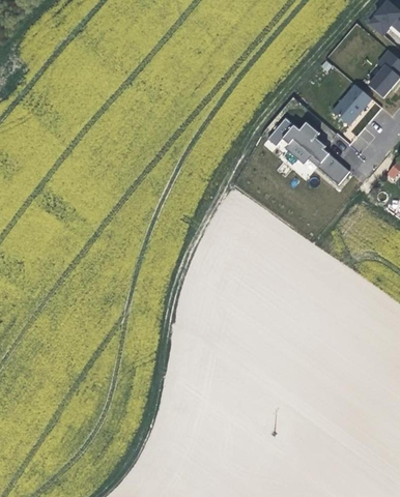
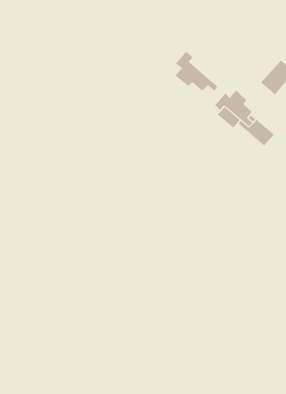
building: none -> [175,51,218,91]

